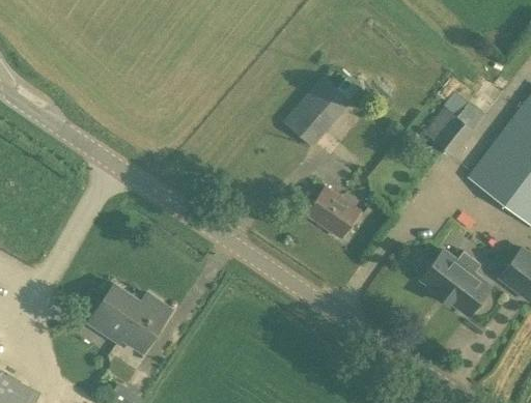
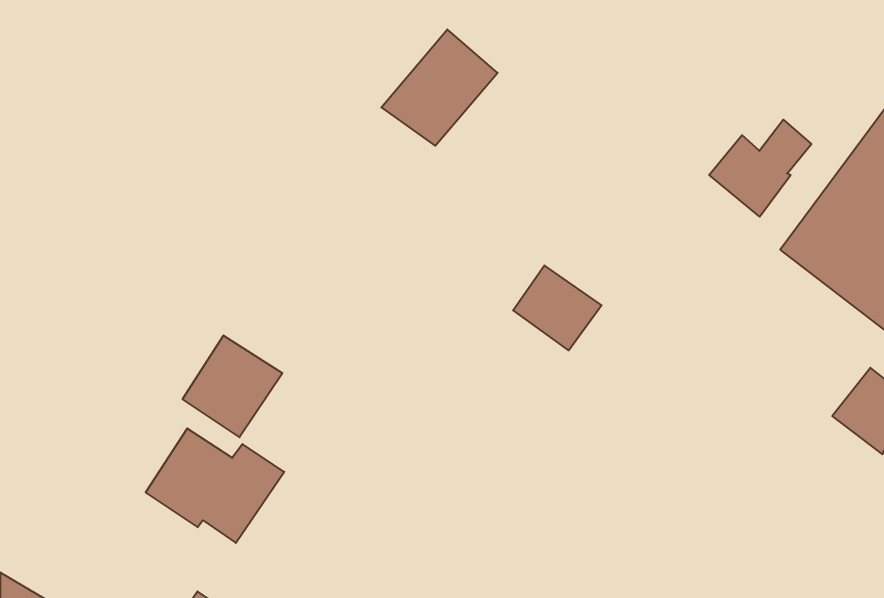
building: [283,77,353,146] -> [381,29,498,146]
building: none -> [183,335,282,437]
building: [421,251,491,316] -> none

